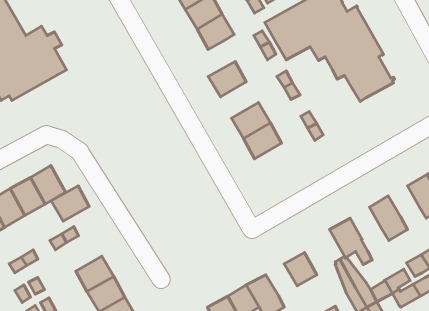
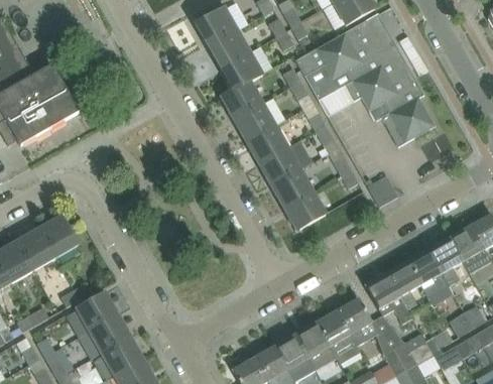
building: none -> [220,81,262,119]
building: none -> [246,125,287,164]
building: none -> [366,174,397,206]
building: none -> [283,191,326,231]
building: none -> [428,238,463,285]
building: [51,186,89,221] -> [76,292,117,331]
building: none -> [387,261,429,308]
building: none -> [338,298,372,345]
building: none -> [295,318,337,370]

